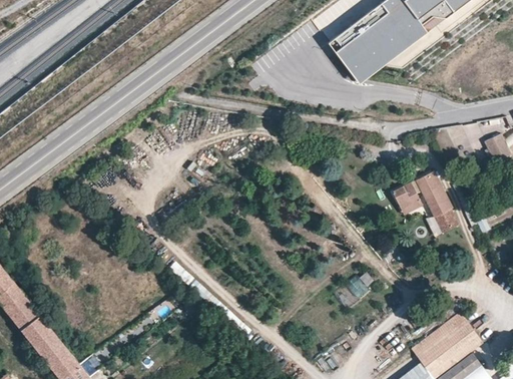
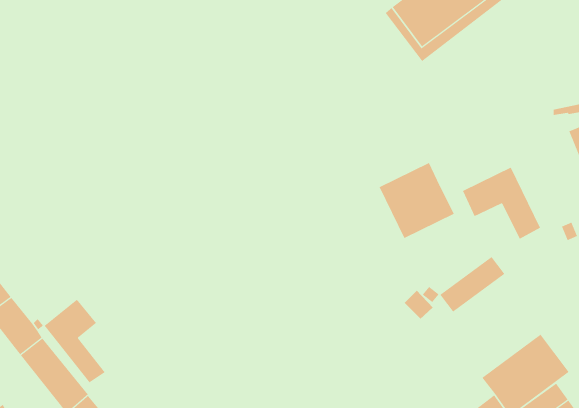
building: none -> [379,162,455,239]
building: none -> [440,256,505,313]
building: none -> [44,299,106,383]

